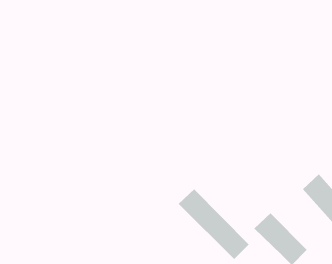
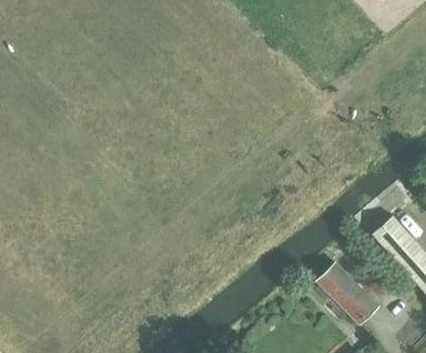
building: [178,188,249,260] -> none

